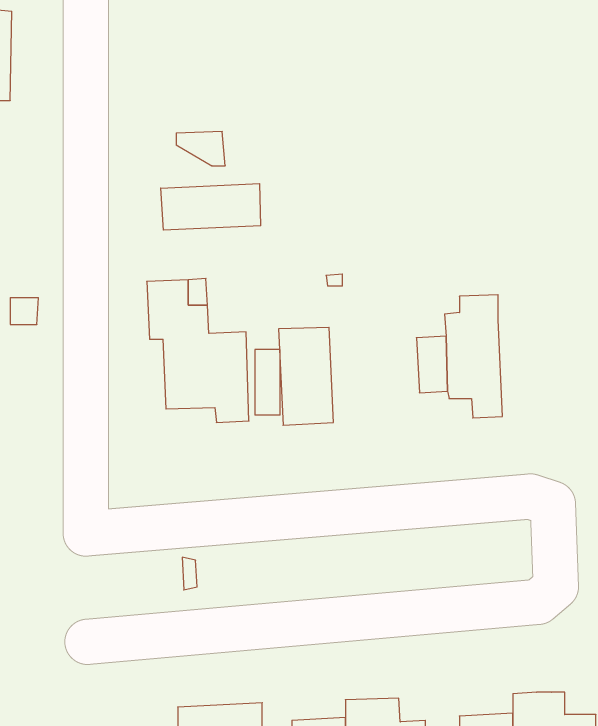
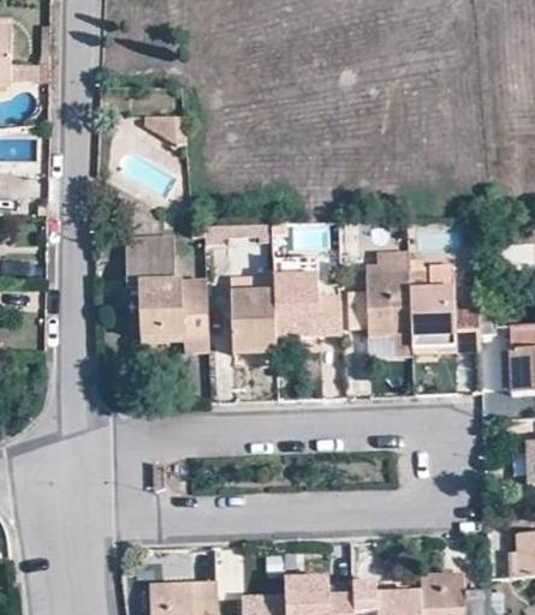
building: [161,184,261,230] -> none
building: none -> [272,255,319,353]
building: none -> [409,268,477,348]

